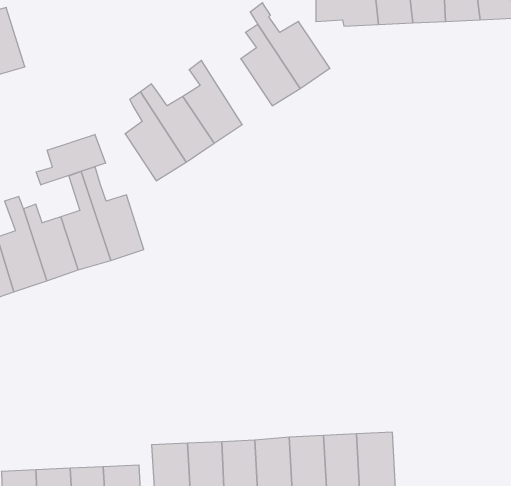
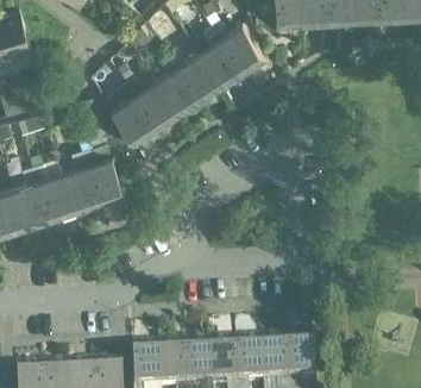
building: none -> [163,38,222,100]
building: [36,134,106,185] -> none

